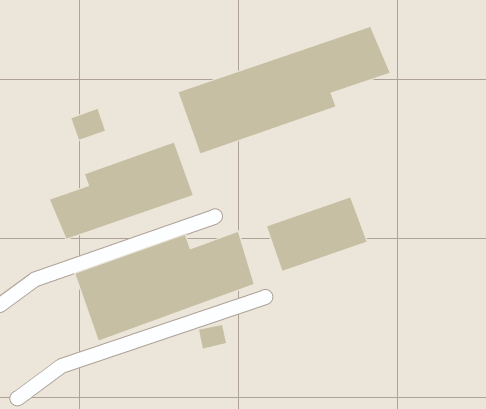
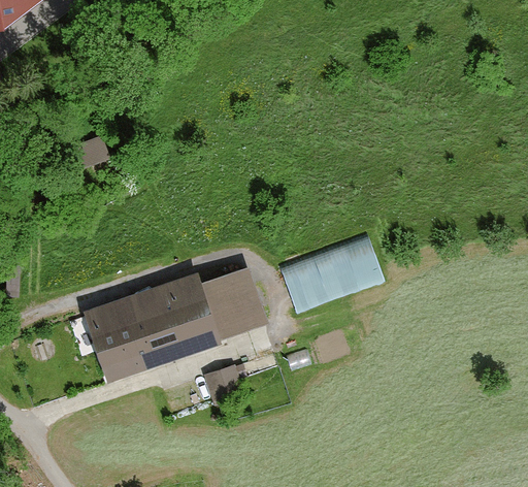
building: [178,26,391,154] -> none
building: [49,142,194,240] -> none

